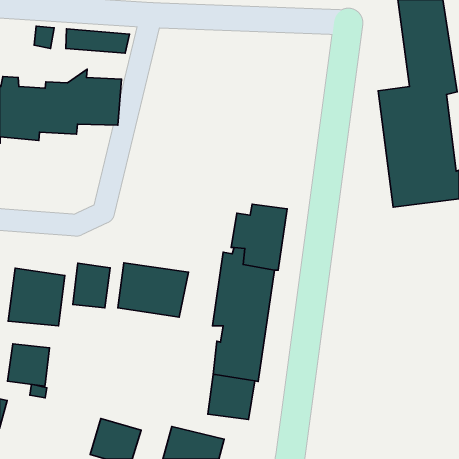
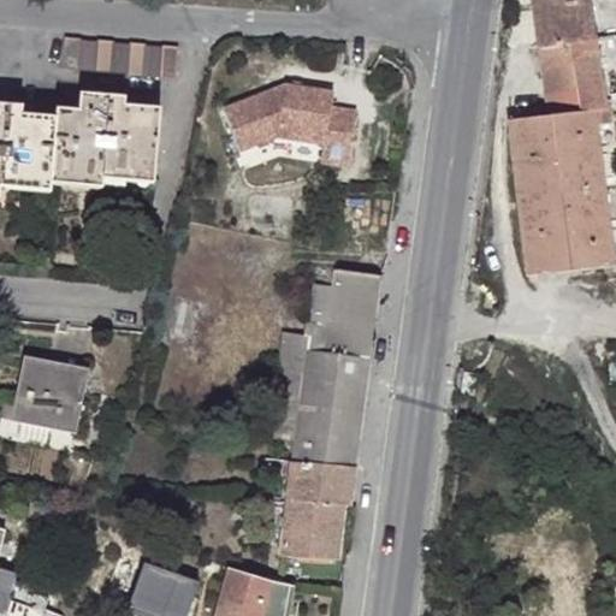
building: none -> [220,84,355,166]
building: [118,263,188,317] -> none
building: [73,263,110,308] -> none
building: [8,344,49,386] -> none

